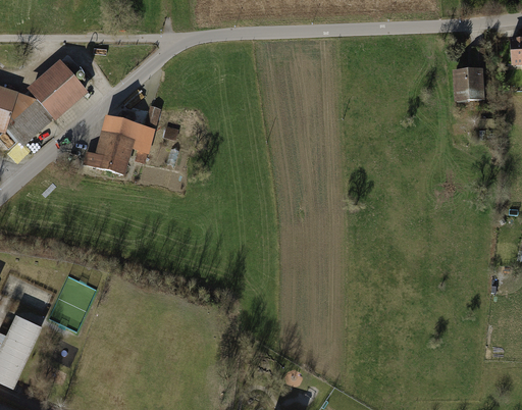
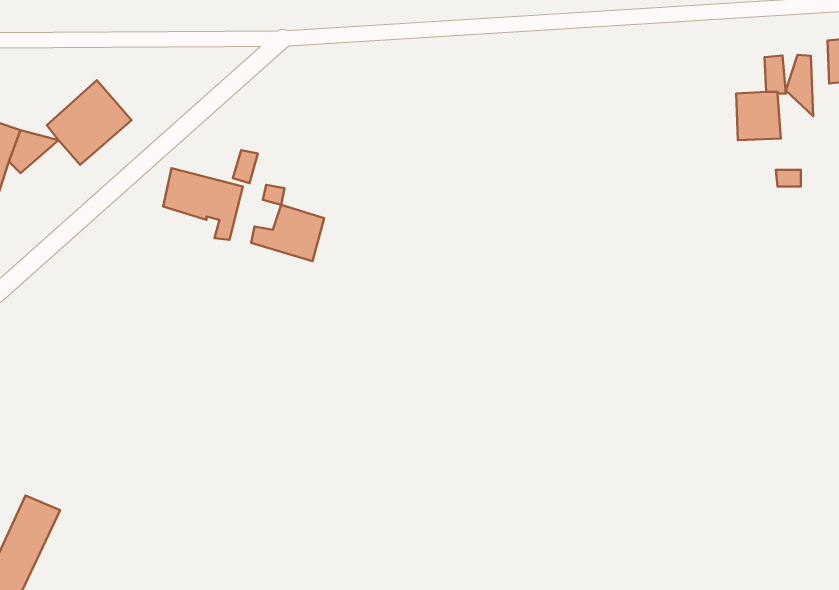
building: none -> [786,55,813,116]
building: [10,100,52,141] -> none
building: [85,141,129,175] -> [251,205,324,261]

